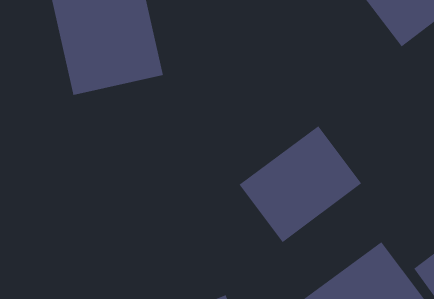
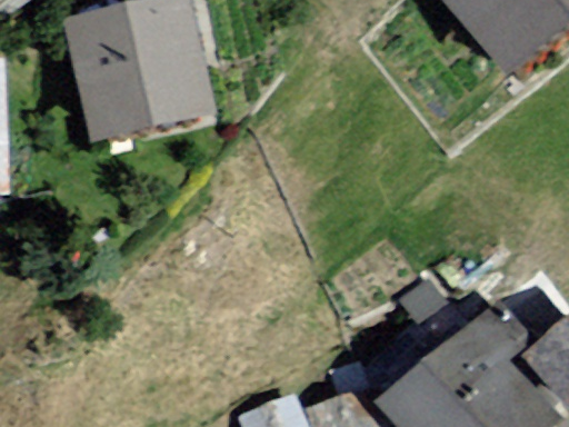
building: [238,125,362,243] -> none

